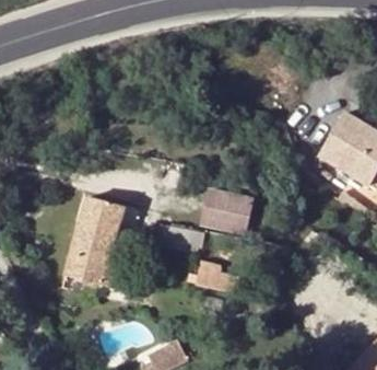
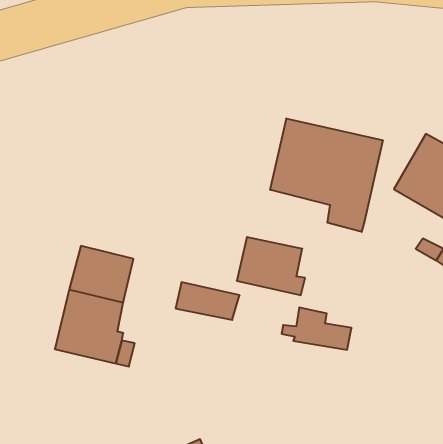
building: none -> [270,118,383,232]
building: [186,261,238,292] -> [282,308,352,350]

